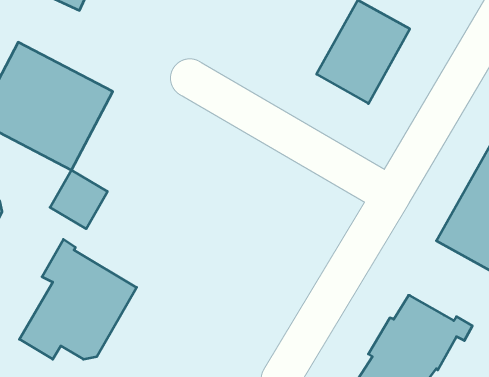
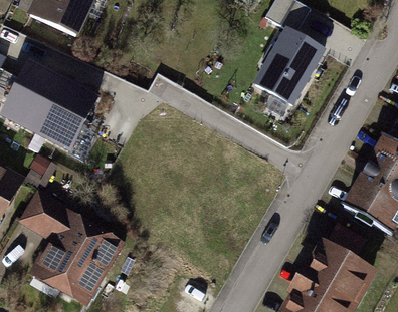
building: [50,170,107,229] -> [19,190,62,234]
building: none -> [324,222,366,263]

